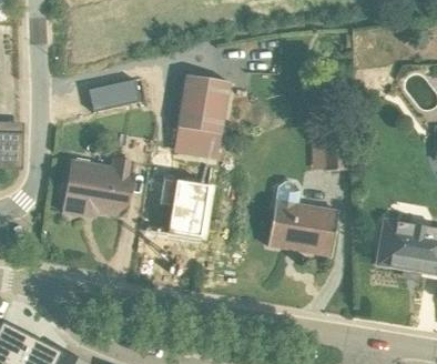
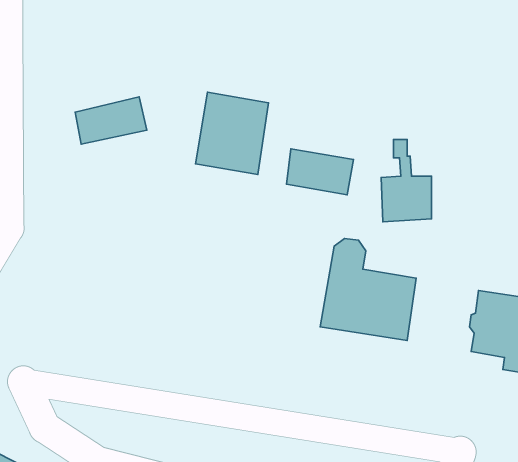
building: [173,127,222,160] -> [286,149,353,195]
building: [63,158,134,215] -> none
building: [160,179,209,237] -> none

